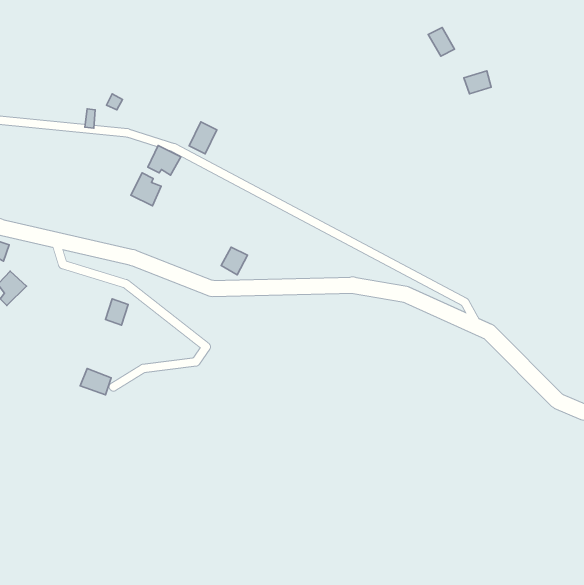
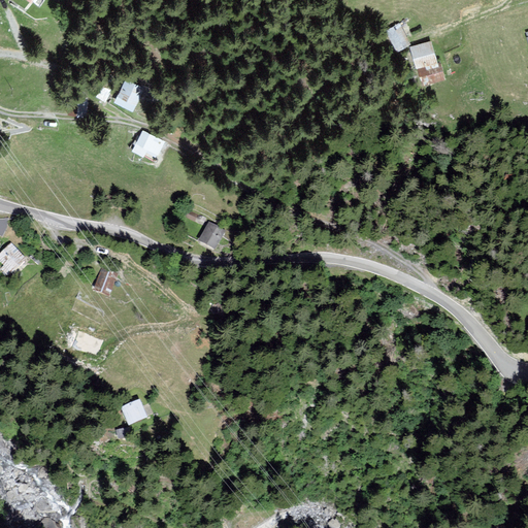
building: none -> [407,43,434,68]
building: [189,122,217,154] -> [117,80,141,109]
building: [131,173,161,206] -> none
building: none -> [122,400,151,424]

